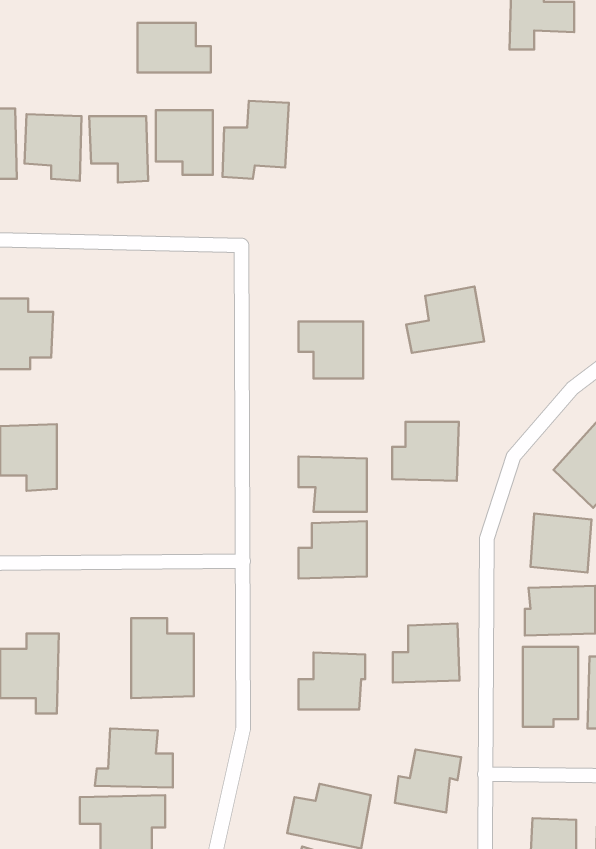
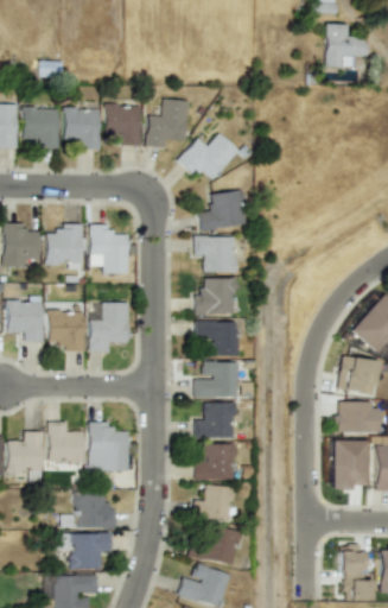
building: [138,23,211,73] -> none
building: none -> [178,133,240,180]
building: [406,286,484,353] -> [198,190,247,232]
building: none -> [47,224,83,270]
building: none -> [90,224,129,274]
building: [392,422,459,481] -> [195,279,236,316]
building: none -> [90,303,129,353]
building: none -> [50,311,85,353]
building: none -> [49,423,85,463]
building: [393,623,460,682] -> [195,403,236,439]
building: [395,750,461,812] -> [193,484,235,524]

